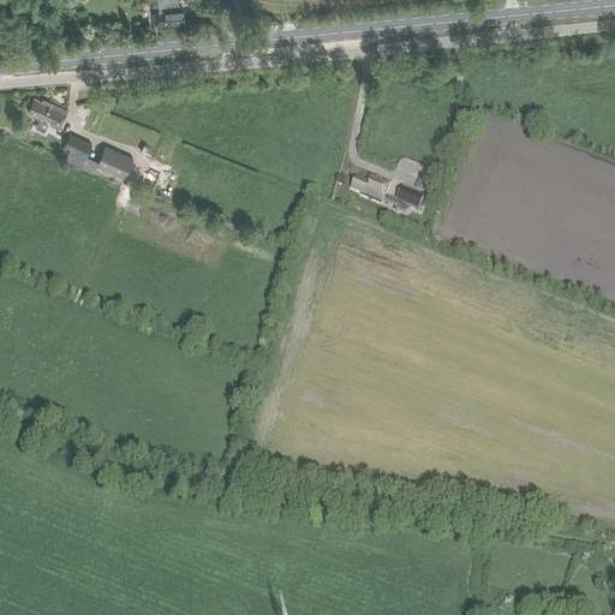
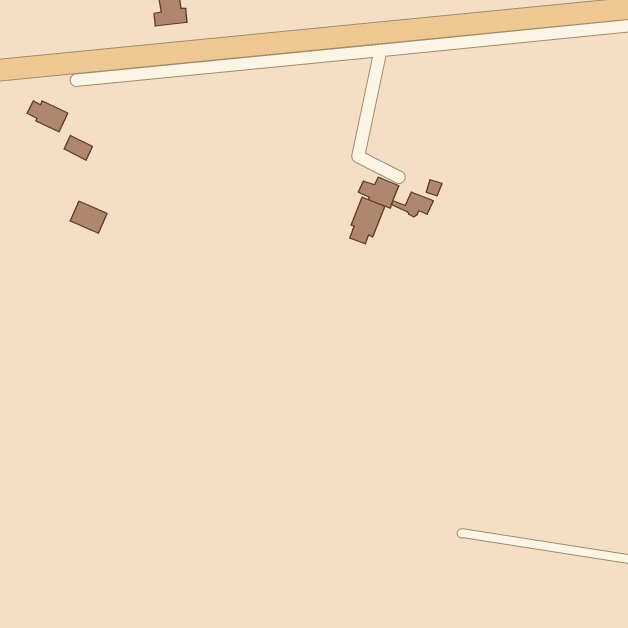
building: [95,145,131,177] -> [70,201,107,233]
building: none -> [350,197,385,244]

